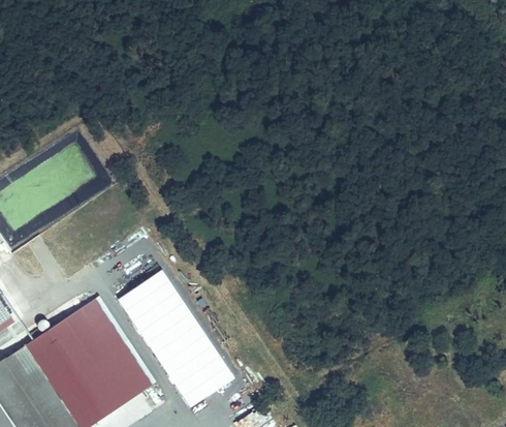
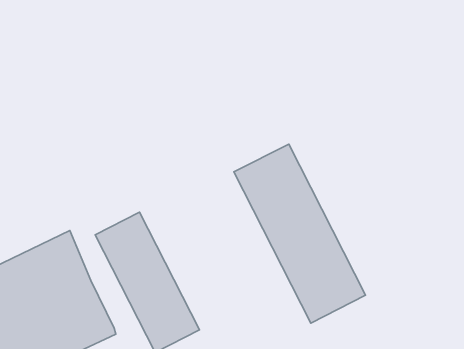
building: none -> [234,144,366,323]

